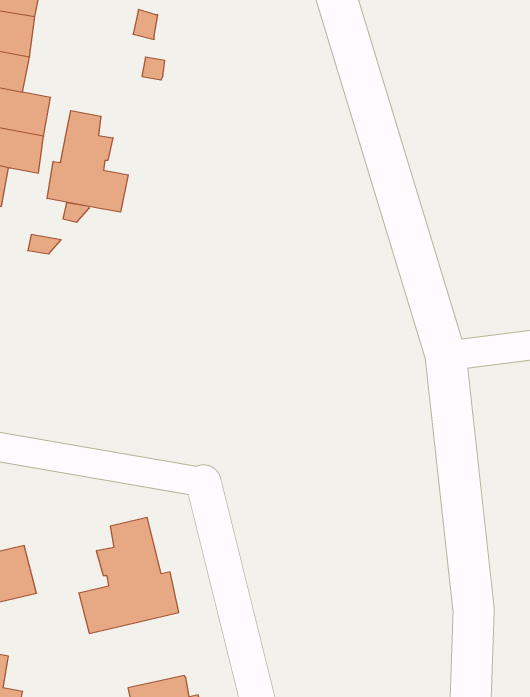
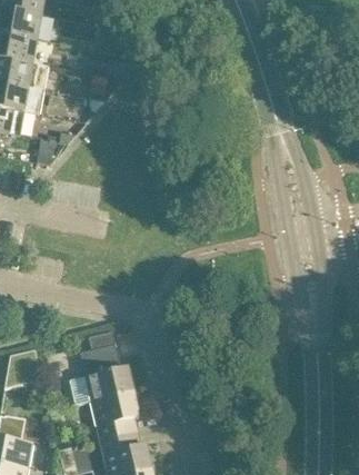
building: [47,111,128,212] -> none
building: none -> [91,392,140,439]

